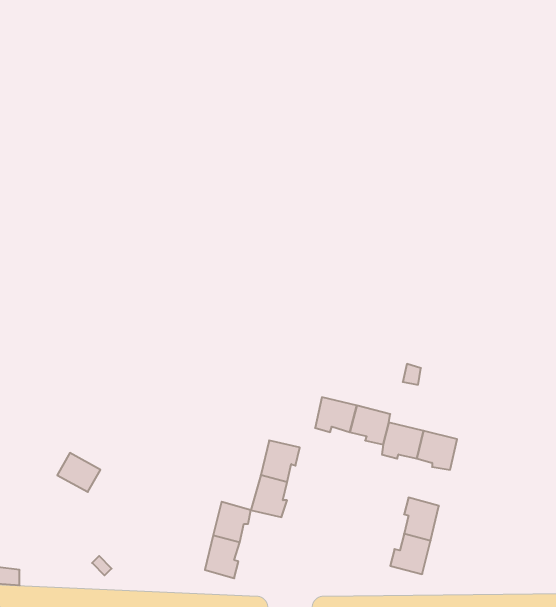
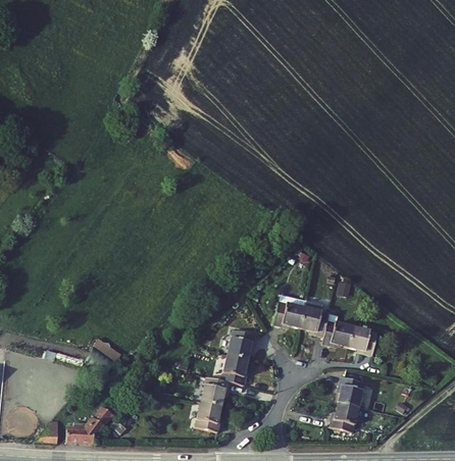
building: none -> [65,409,115,442]

